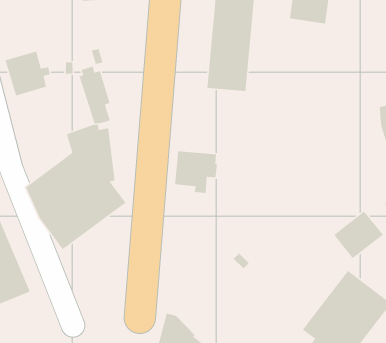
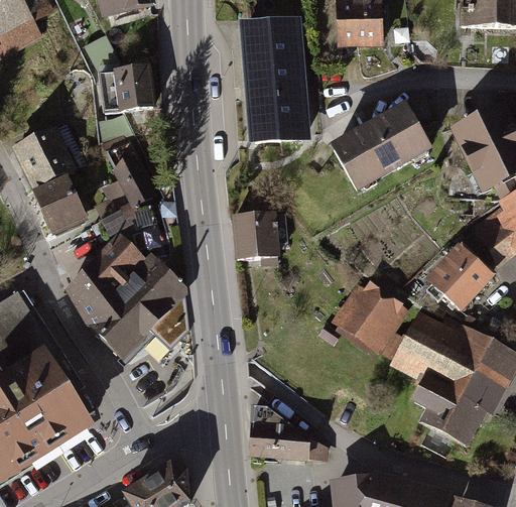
building: none -> [100,70,152,113]
building: none -> [334,108,428,189]
building: none -> [35,179,83,231]
building: none -> [342,274,407,346]
building: none -> [383,314,456,376]

